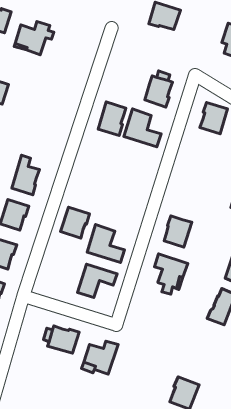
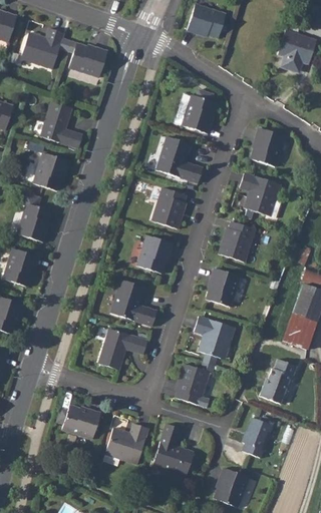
building: none -> [66,40,107,76]
building: none -> [40,100,82,147]
building: [98,102,126,136] -> [151,186,186,228]
building: none -> [32,152,68,190]
building: none -> [239,172,280,217]
building: none -> [218,220,255,262]
building: [60,207,90,238] -> [136,234,173,273]
building: none -> [175,362,214,407]
building: none -> [242,417,272,457]
building: none -> [152,423,194,475]

